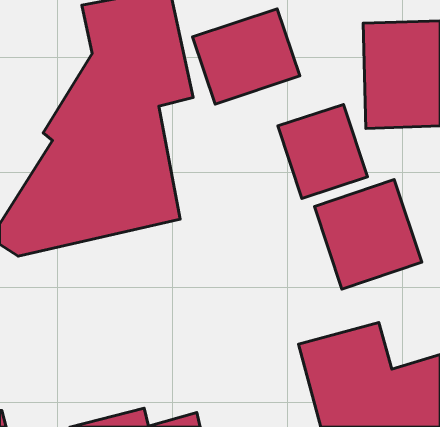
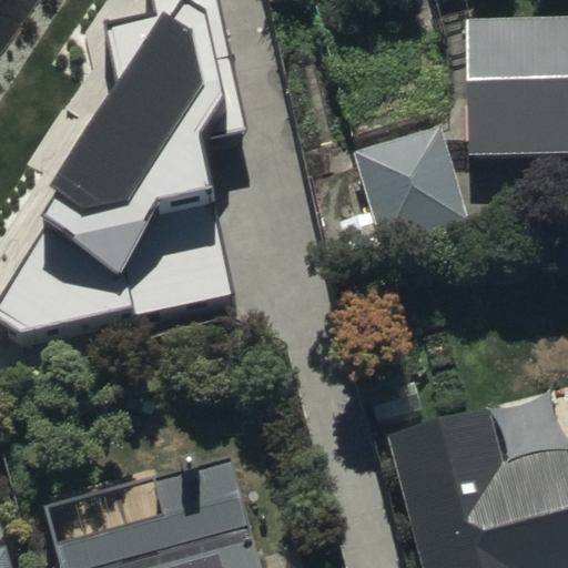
building: [192,9,300,104] -> none
building: [314,180,422,289] -> none

